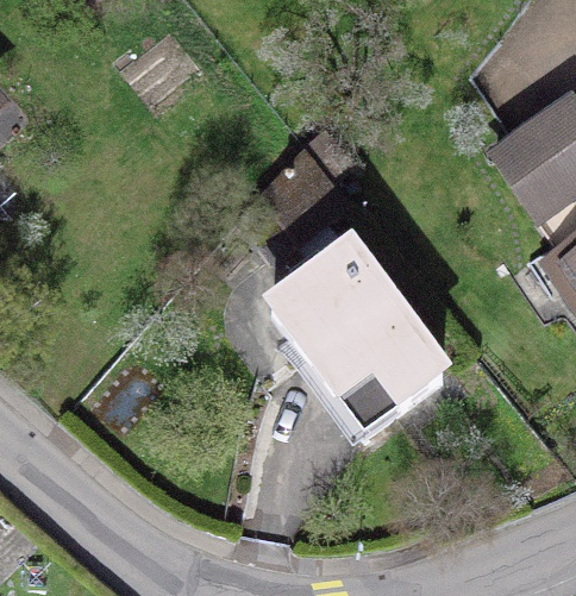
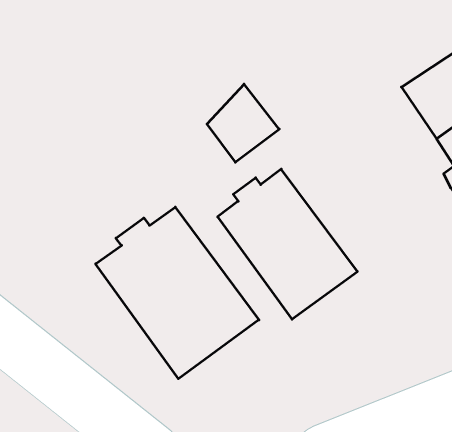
building: none -> [96,207,259,379]

